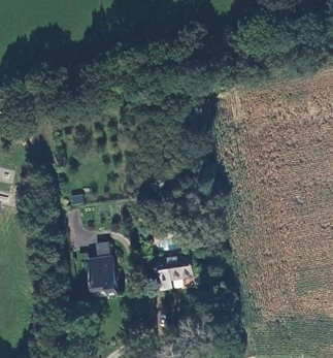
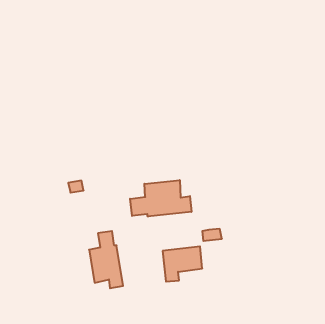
building: none -> [130,180,191,217]

